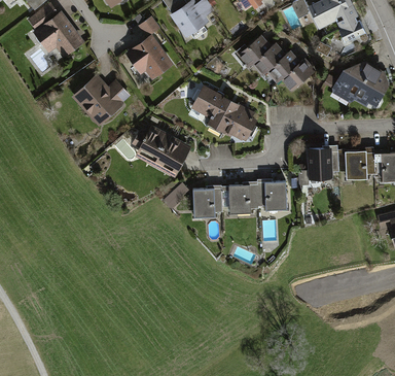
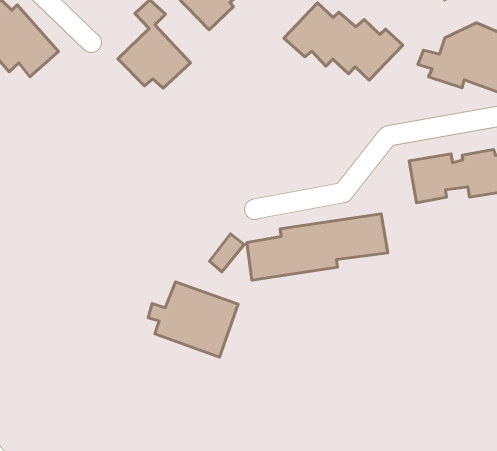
building: [73,72,132,124] -> none
building: [194,87,256,137] -> none
building: [132,124,193,178] -> [148,282,238,357]

